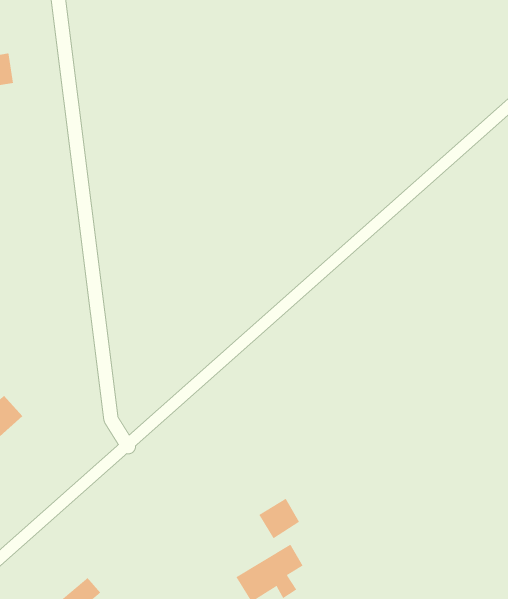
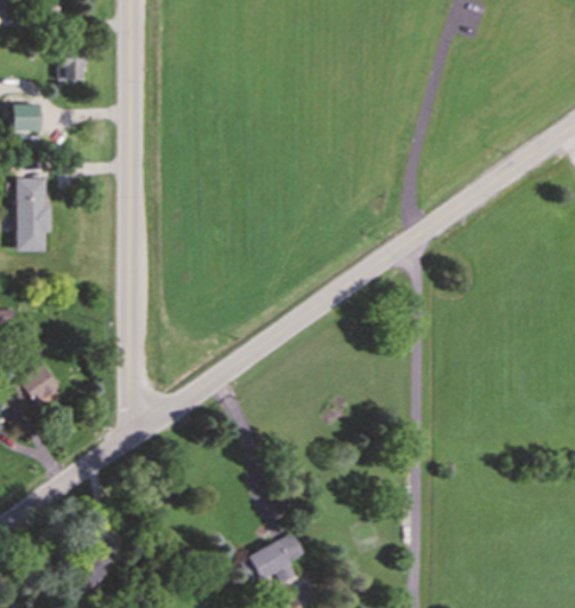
building: [258,498,300,539] -> none

